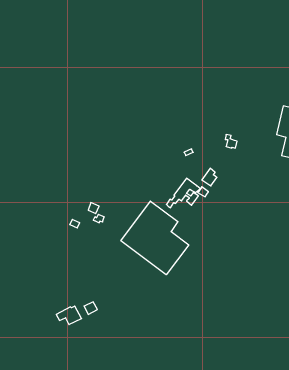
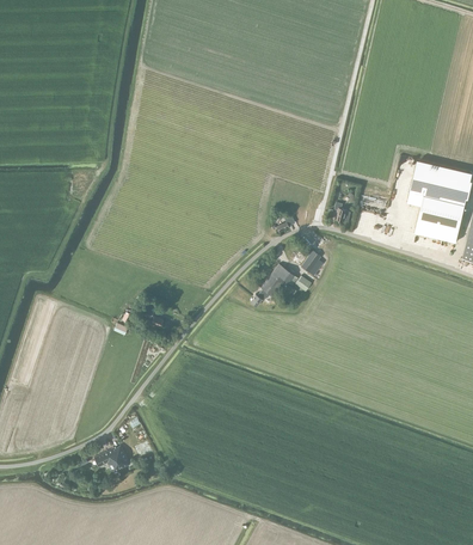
building: [121,201,189,275] -> none

